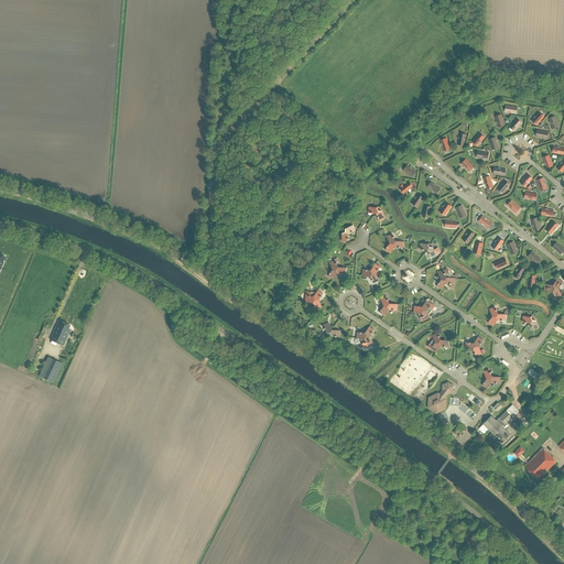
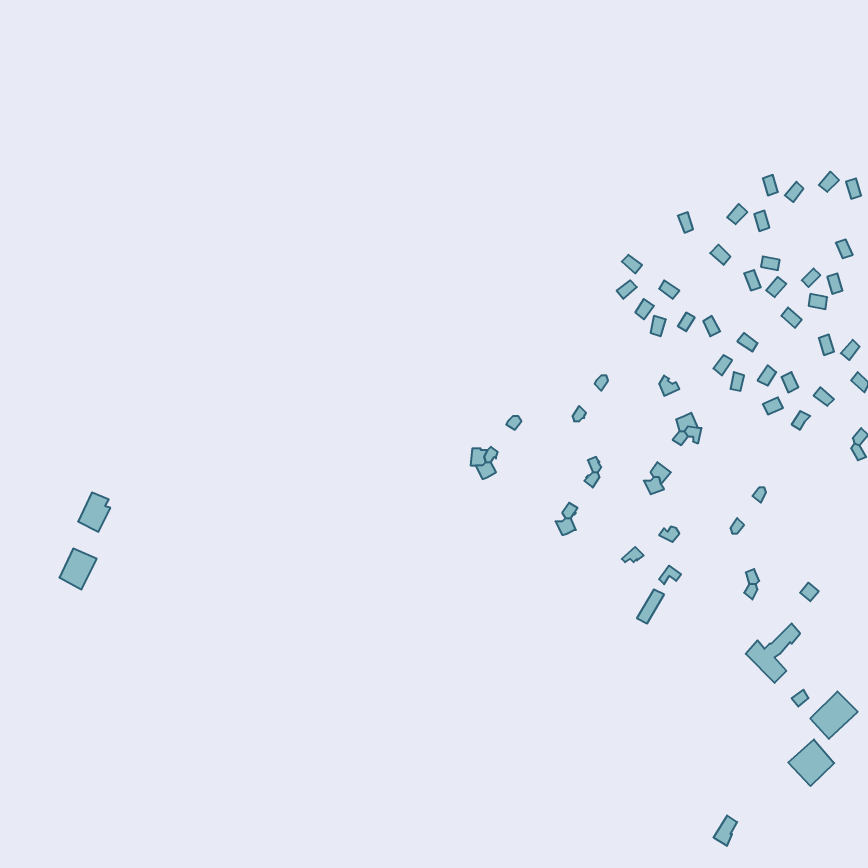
building: [427,381,454,414] -> none
building: none -> [788,739,834,786]

